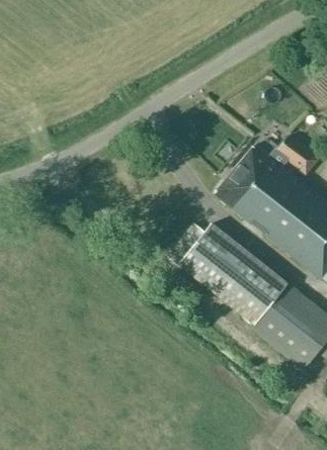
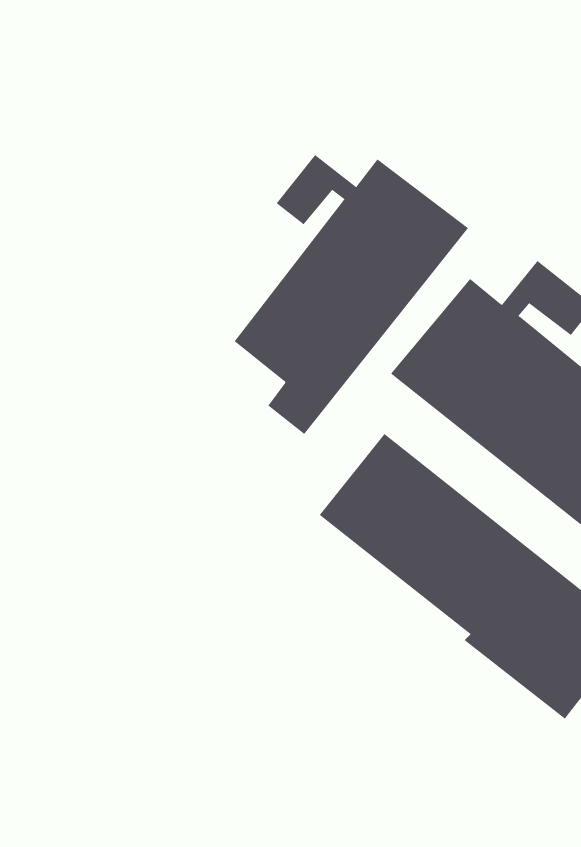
building: none -> [234,154,469,435]

